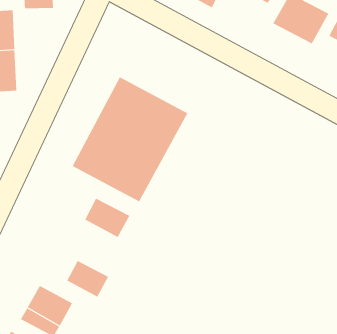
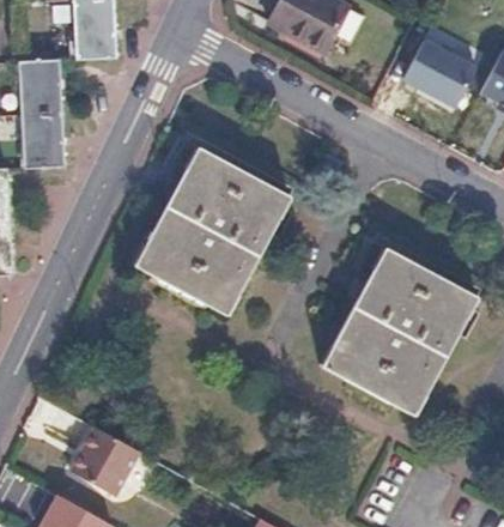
building: none -> [323,250,478,416]
building: [84,198,130,238] -> none
building: [67,260,109,298] -> none

